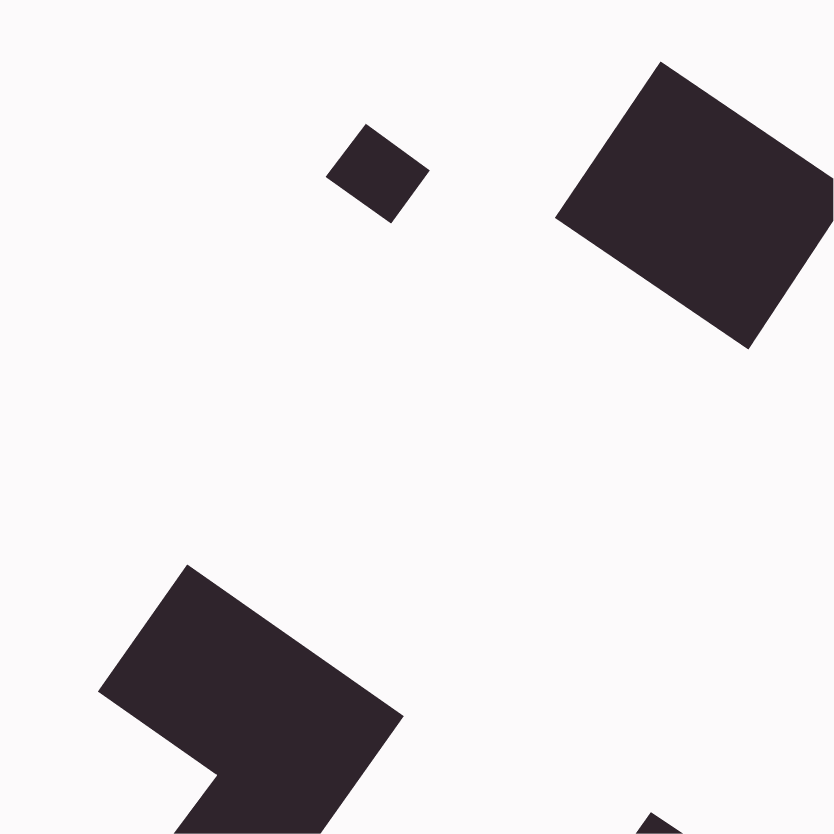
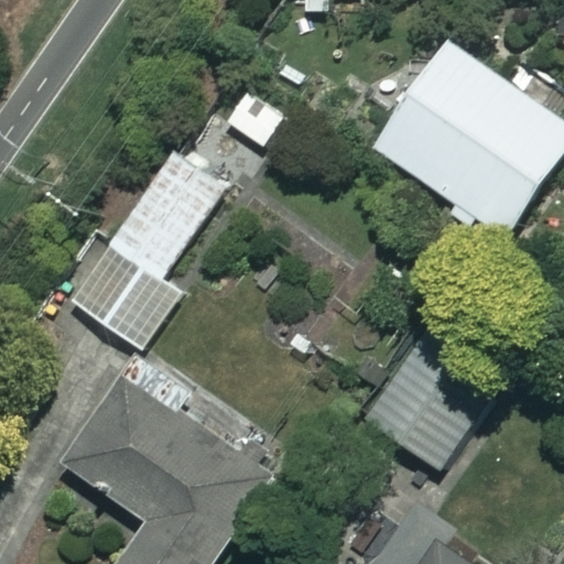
building: none -> [72,149,226,349]
building: none -> [365,330,502,470]

